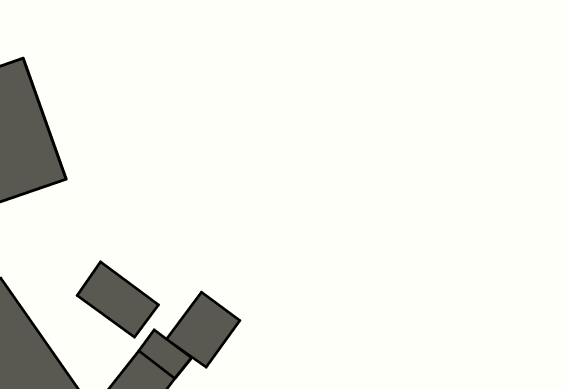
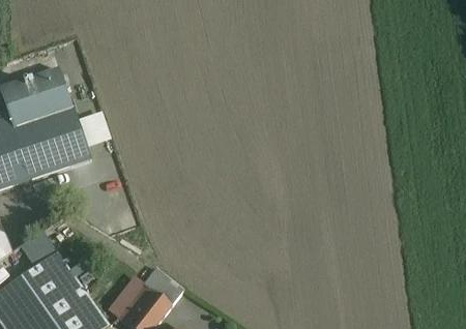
building: [77,262,158,337] -> none
building: [167,292,240,367] -> none

